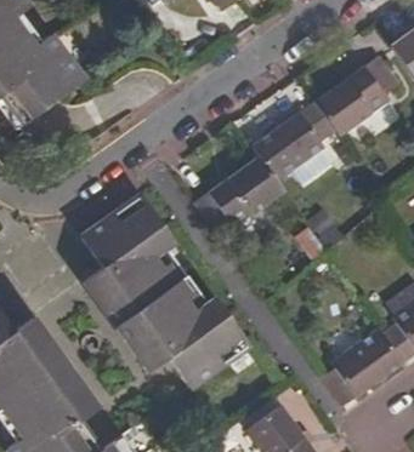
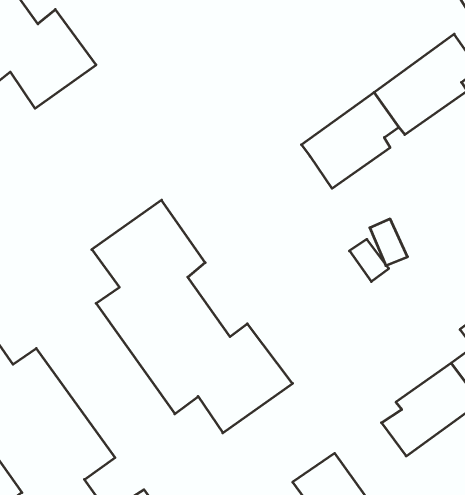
building: [194,156,284,233] -> none

